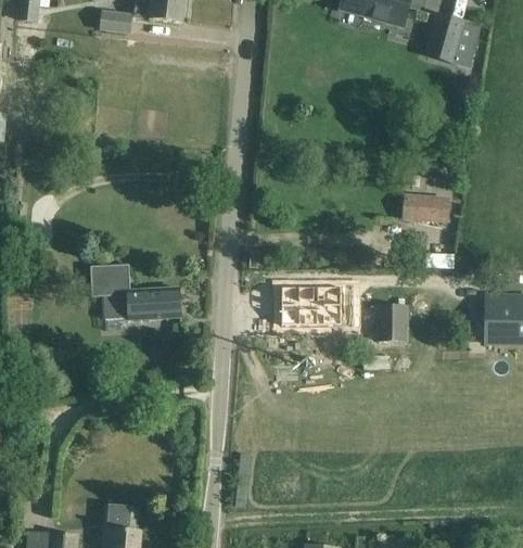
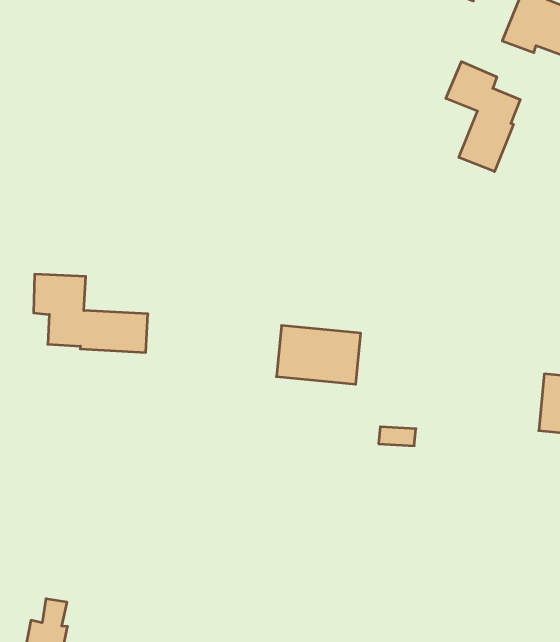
building: none -> [446,62,520,172]
building: [403,193,449,221] -> none
building: [377,304,407,339] -> none

